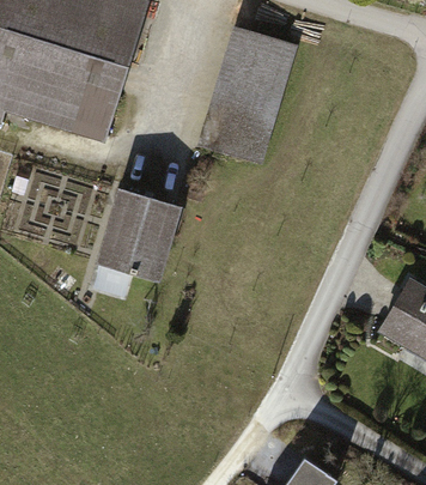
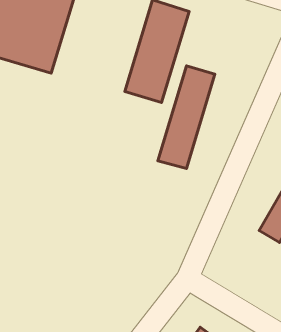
building: none -> [158,66,215,169]
building: [99,190,177,279] -> none

